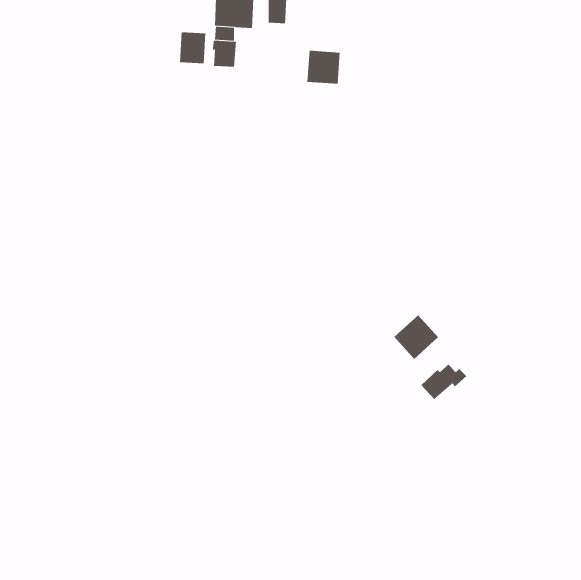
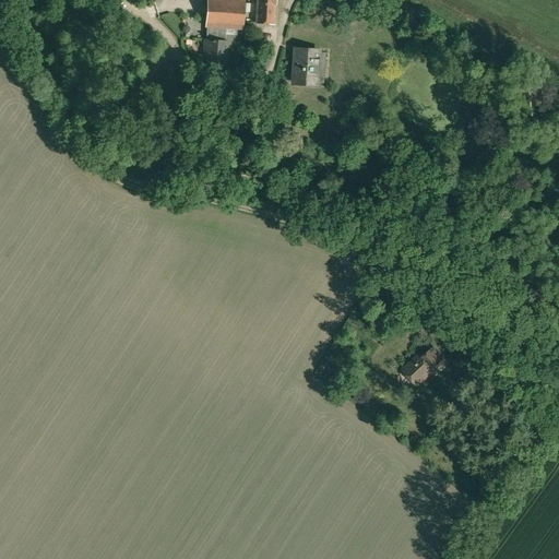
building: [179,31,206,64] -> none
building: [394,315,439,360] -> none

